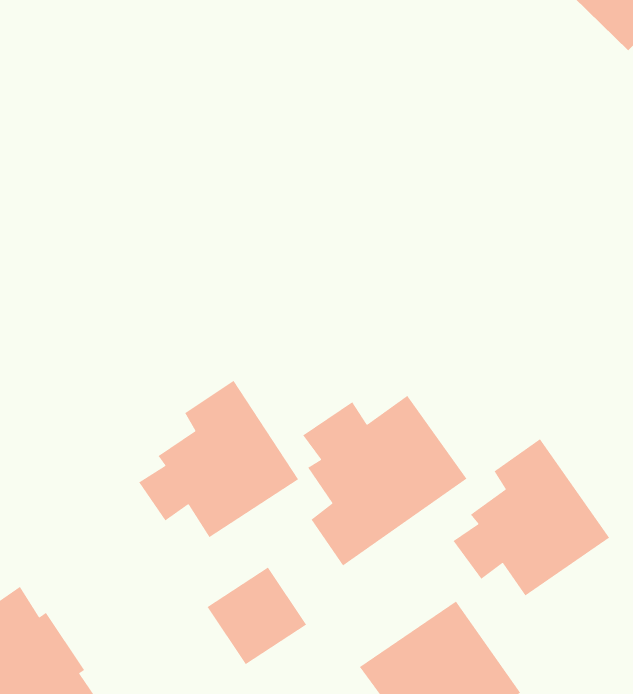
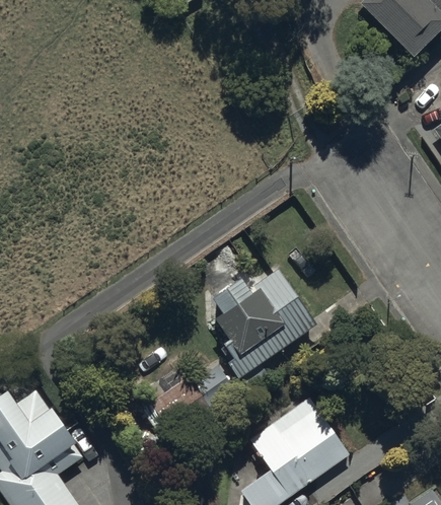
building: [138,380,299,538] -> none
building: [452,438,610,597] -> none

